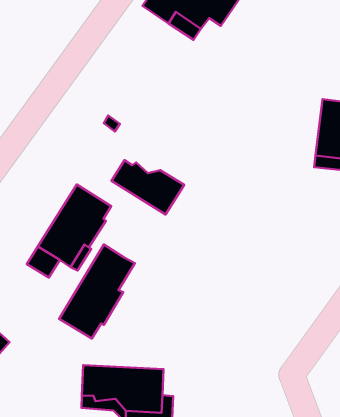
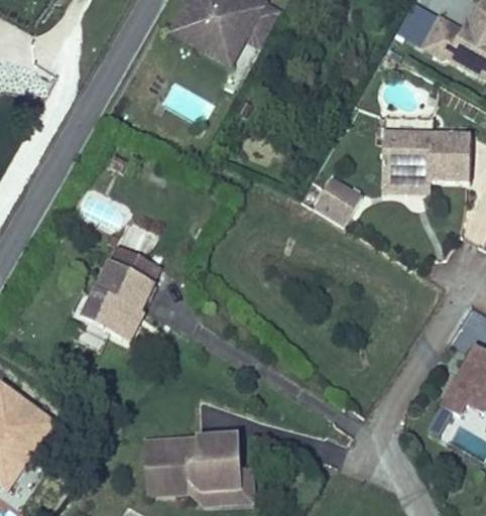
building: none -> [313,175,361,224]
building: [111,160,184,215] -> none
building: [59,245,135,338] -> none

